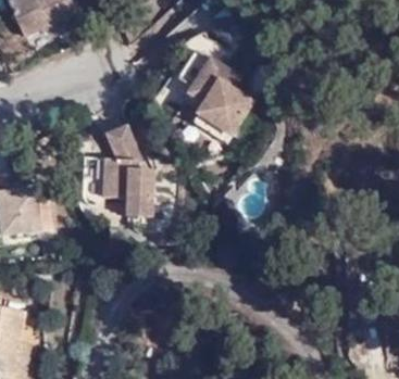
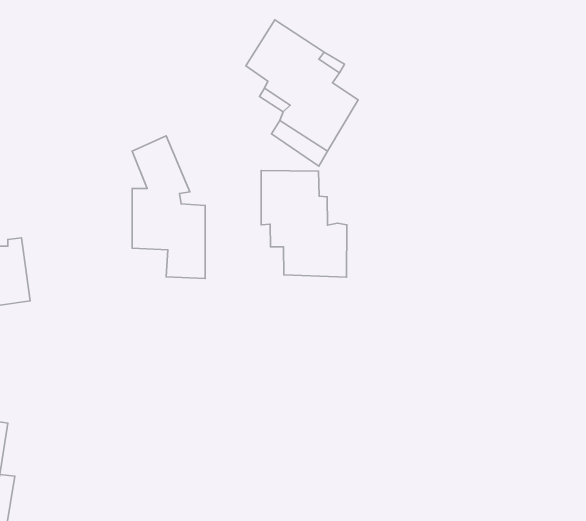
building: none -> [261,170,347,277]

